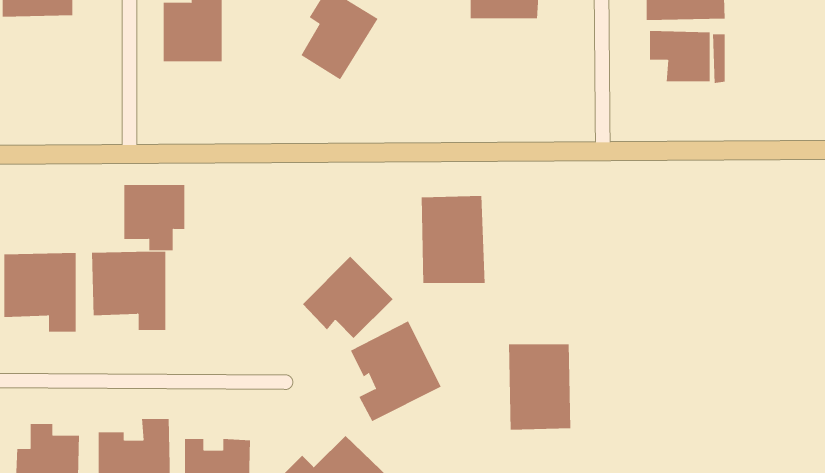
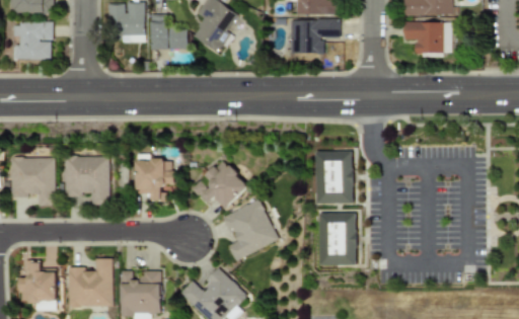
building: none -> [151,14,189,50]
building: none -> [290,19,340,54]
building: none -> [13,22,53,59]
building: [124,185,185,251] -> [137,160,174,201]
building: [421,195,486,283] -> [315,150,355,204]

